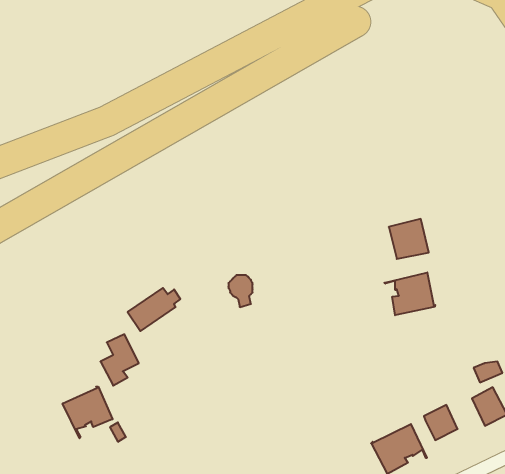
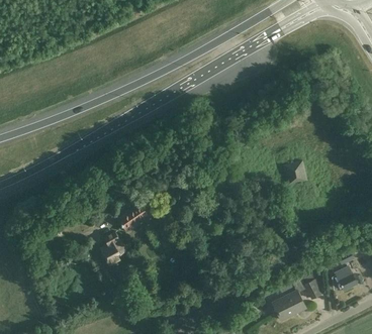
building: [384,272,435,315] -> none
building: [63,387,113,438] -> none

